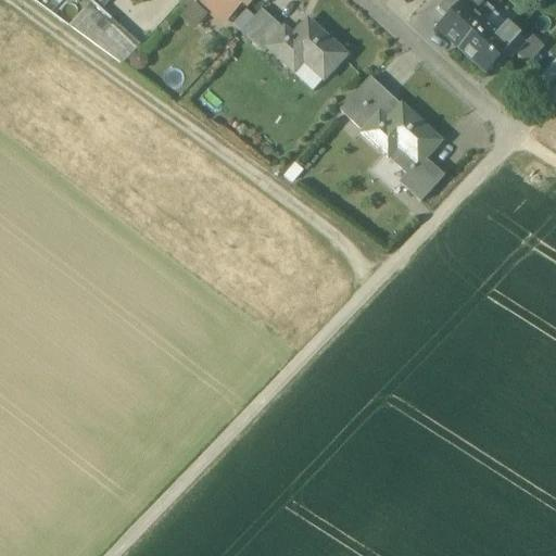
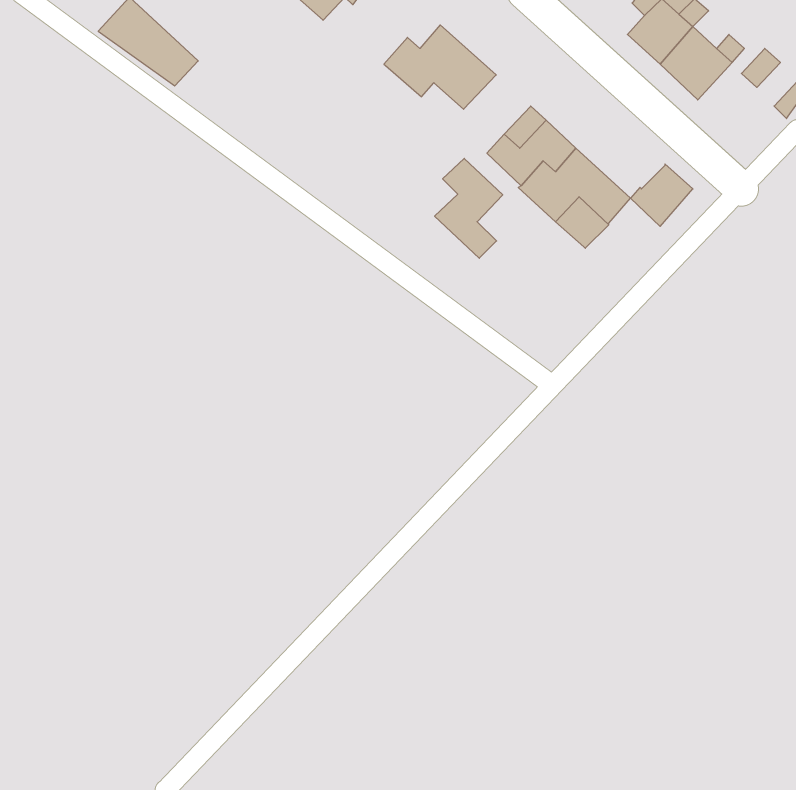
building: [241,5,285,50] -> none
building: none -> [435,158,503,258]
building: [401,155,444,199] -> [631,164,693,226]

